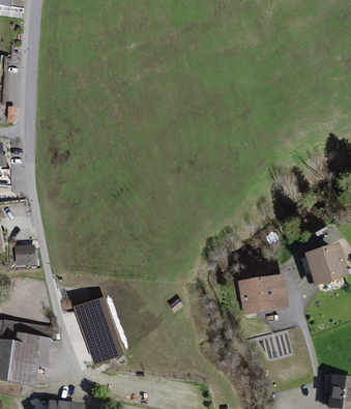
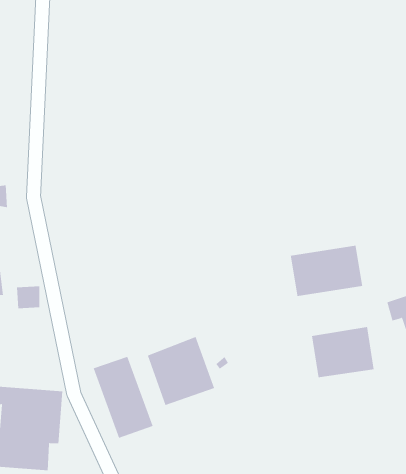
building: none -> [290,245,363,297]
building: none -> [147,336,215,406]

